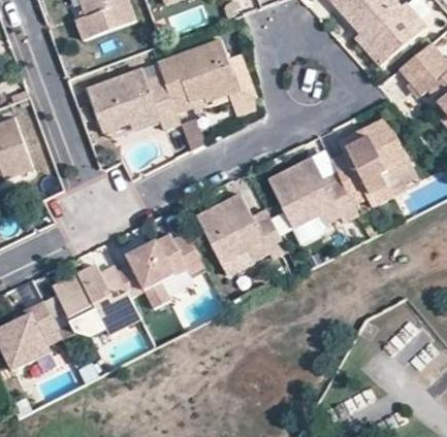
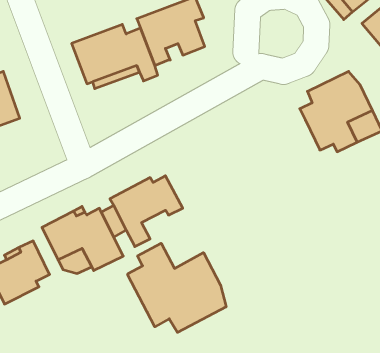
building: [186,58,254,112] -> none
building: [267,157,357,227] -> none
building: [195,194,285,264] -> none
building: none -> [128,243,226,332]

